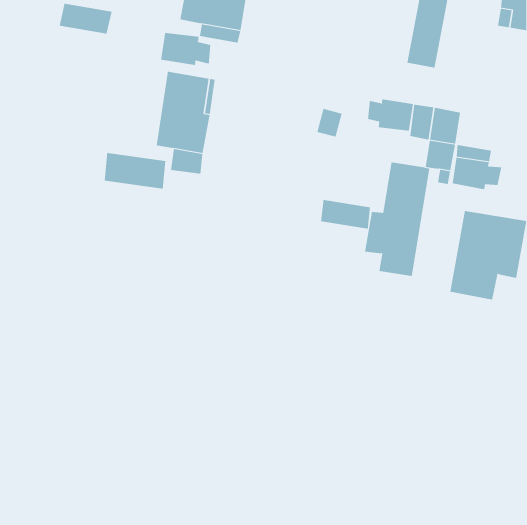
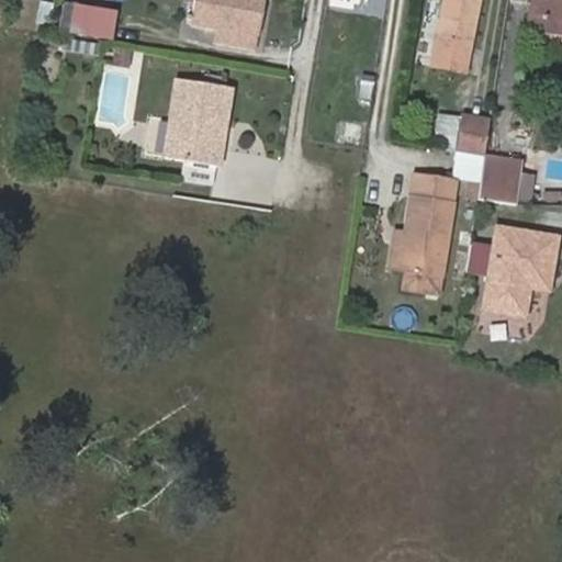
building: [161,32,211,66] -> none
building: [368,99,414,131] -> none
building: [104,152,166,189] -> none
building: [321,199,370,230] -> none

